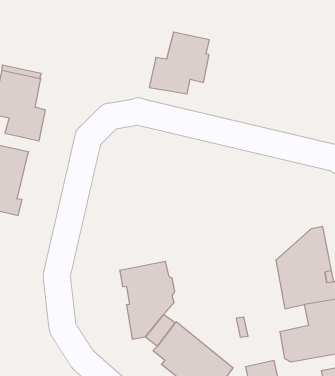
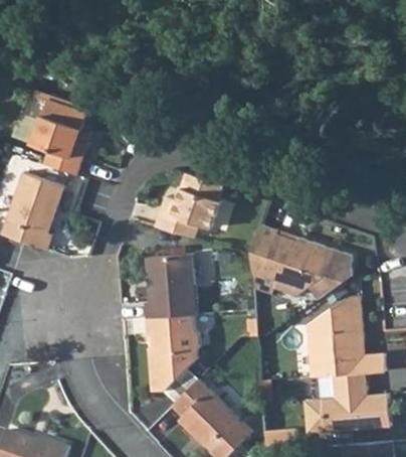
building: [149,32,209,94] -> [156,173,223,239]
building: none -> [250,224,353,300]
building: none -> [144,254,197,319]

